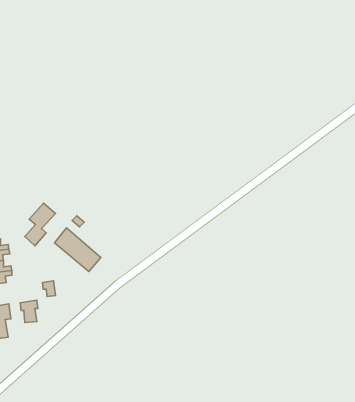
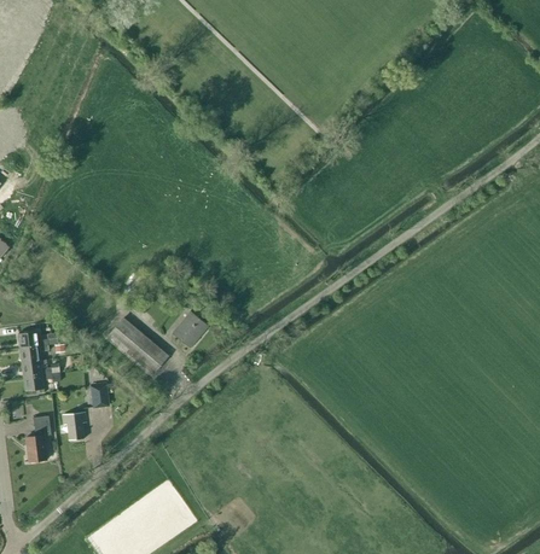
building: [25,203,55,246] -> none
building: none -> [172,311,204,345]

